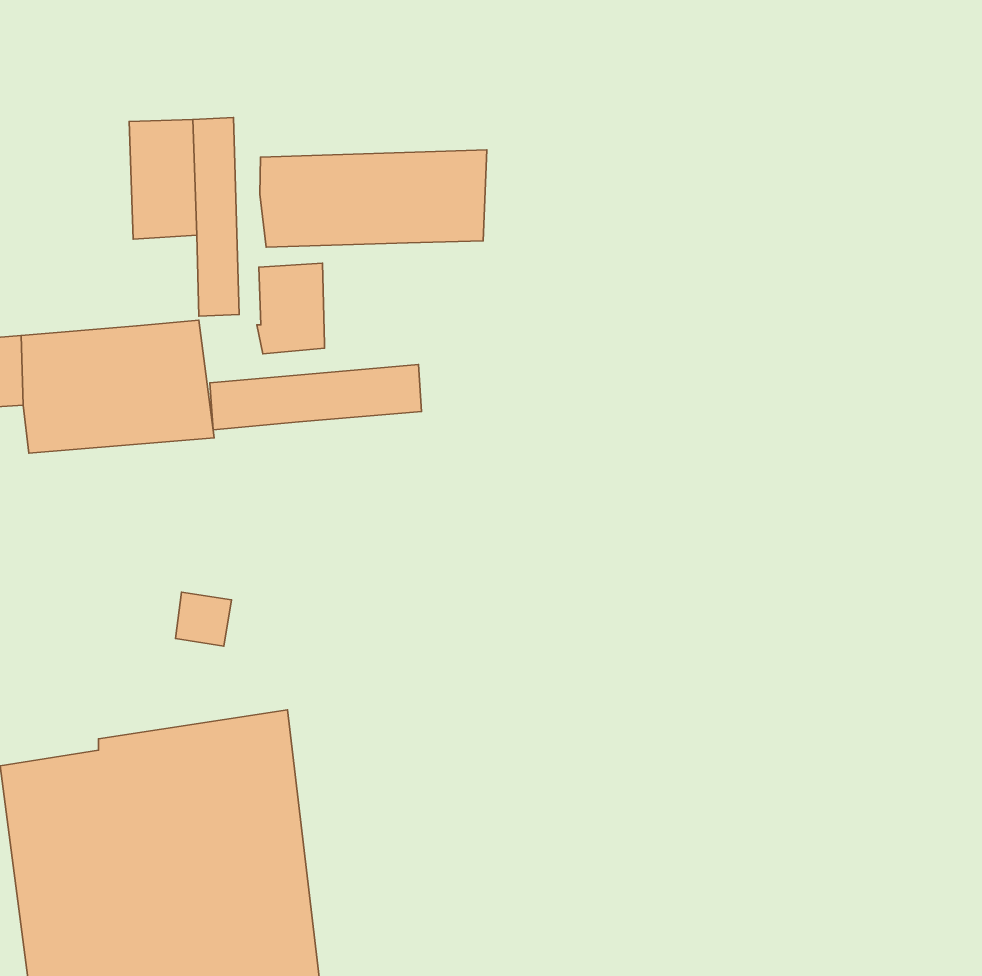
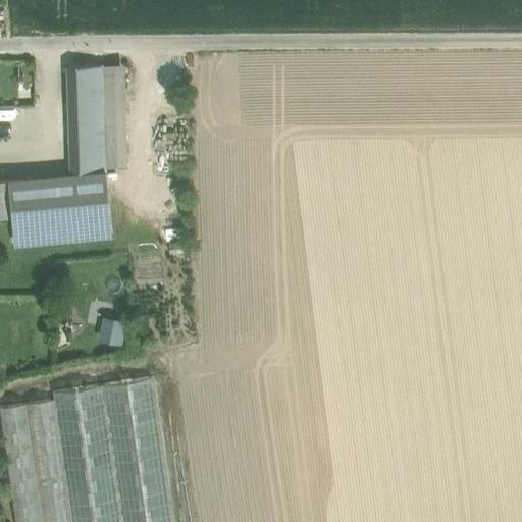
building: [260,150,487,247] -> none
building: [257,263,325,354] -> [69,129,105,177]
building: [210,365,422,430] -> none

